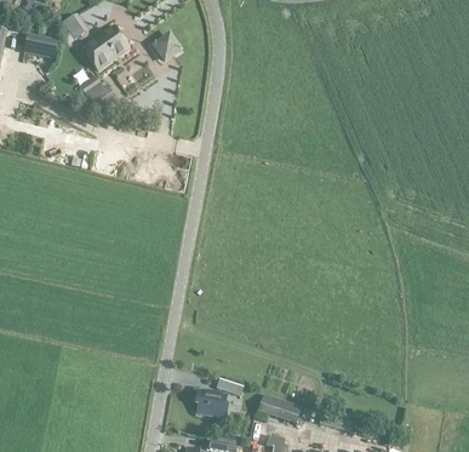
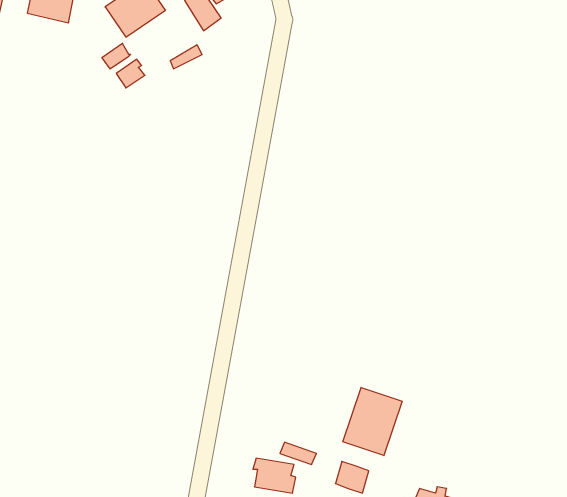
building: none -> [343,387,402,456]

